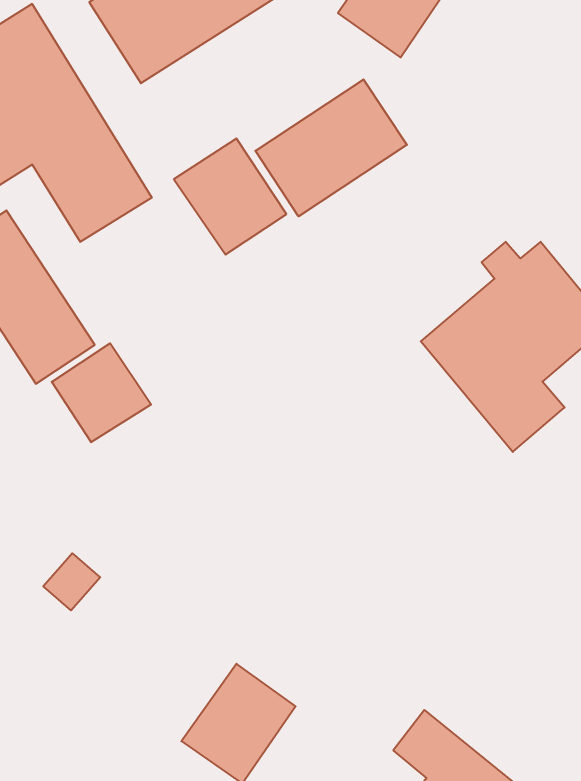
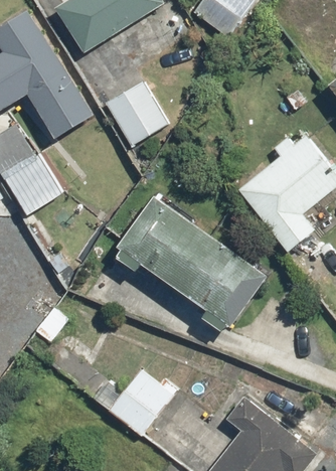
building: [255,79,407,216] -> none
building: [52,343,151,442] -> none
building: none -> [114,194,271,330]

